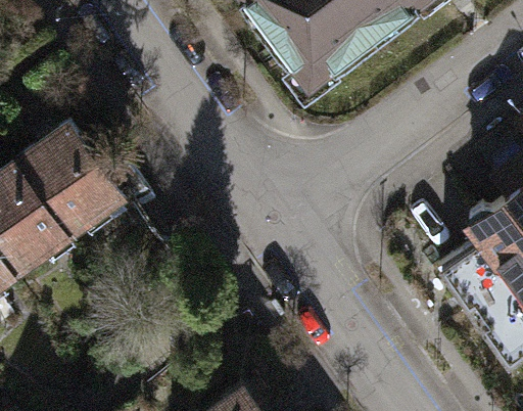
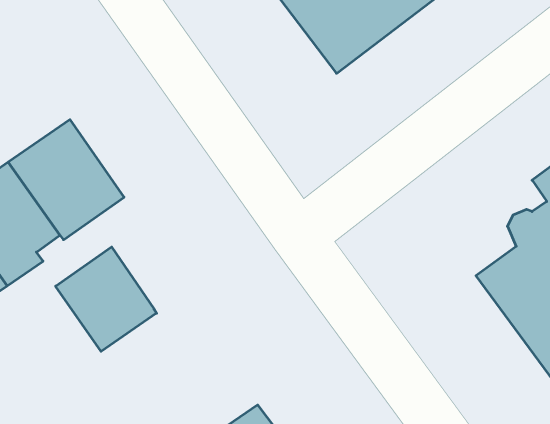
building: none -> [56,247,157,351]

